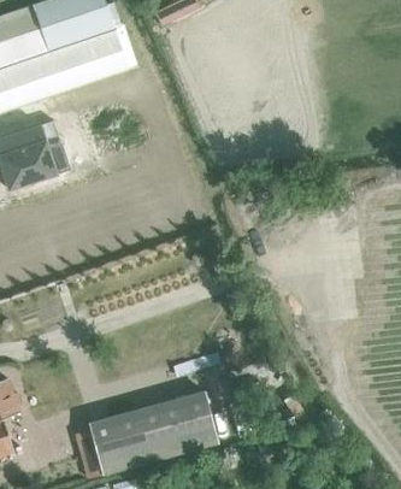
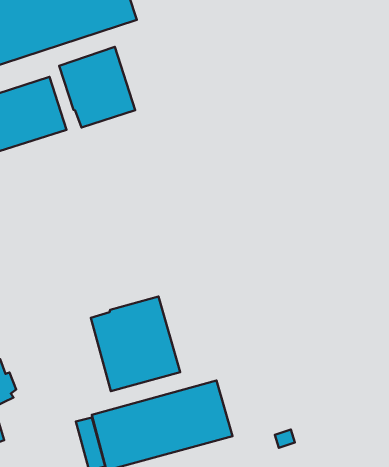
building: none -> [59,47,135,127]
building: none -> [91,297,180,391]

